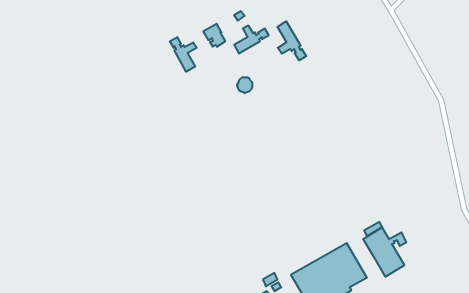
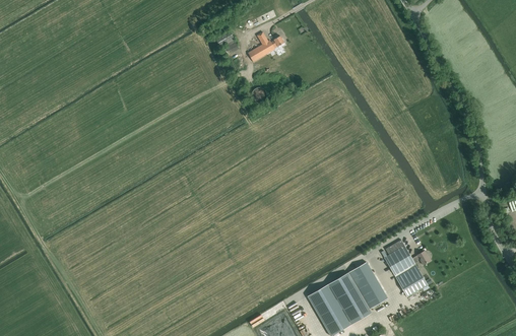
building: [277,21,306,60] -> none
building: [170,37,197,72] -> none

